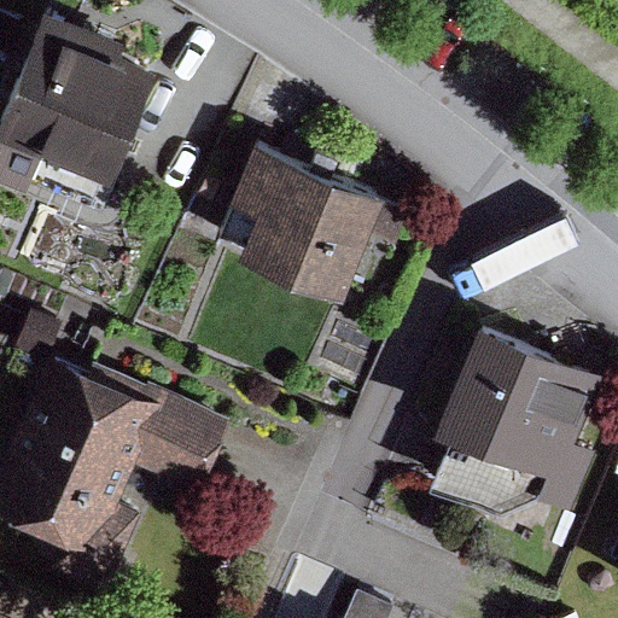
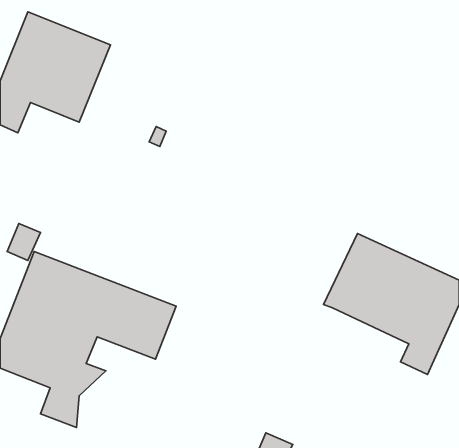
building: [217,147,381,292] -> none
building: [418,428,549,521] -> none

